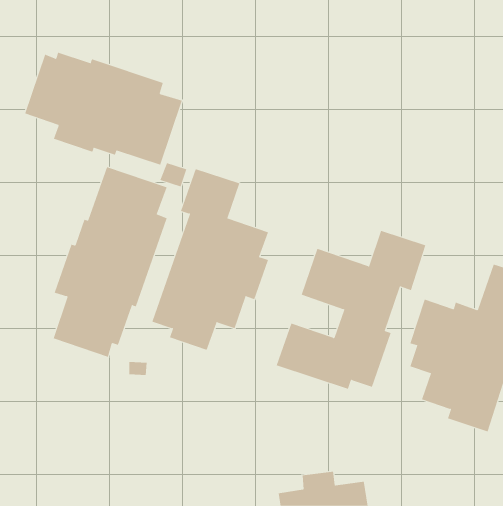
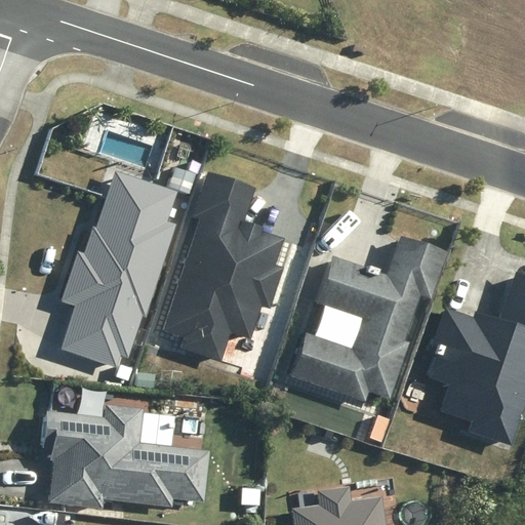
building: [25,52,182,166] -> none
building: none -> [43,404,210,509]

